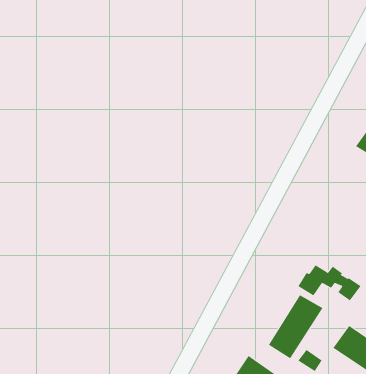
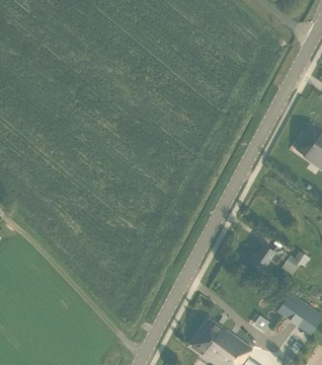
building: [268,295,323,359] -> none

